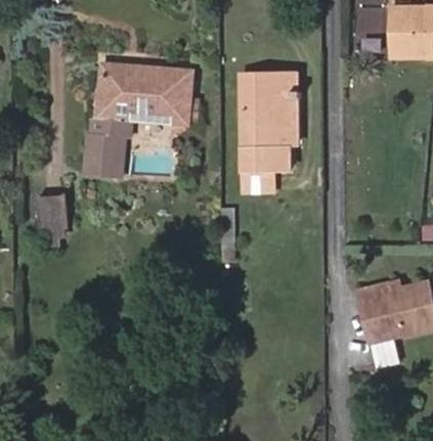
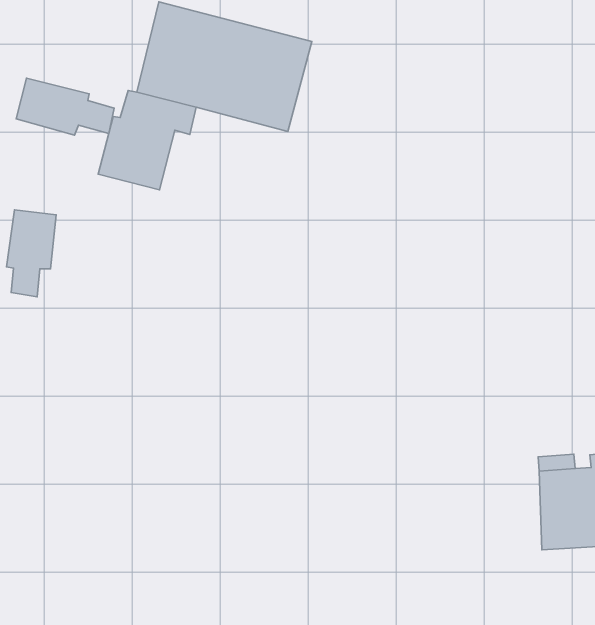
building: [240,74,298,170] -> none
building: none -> [16,78,114,135]

